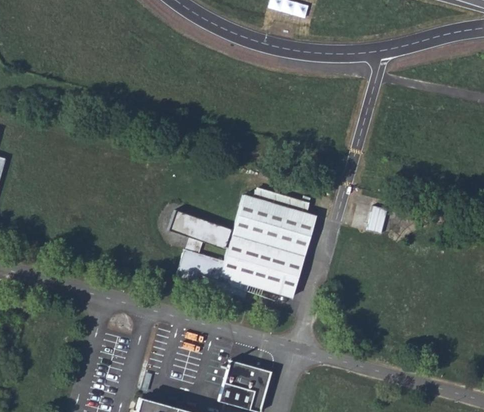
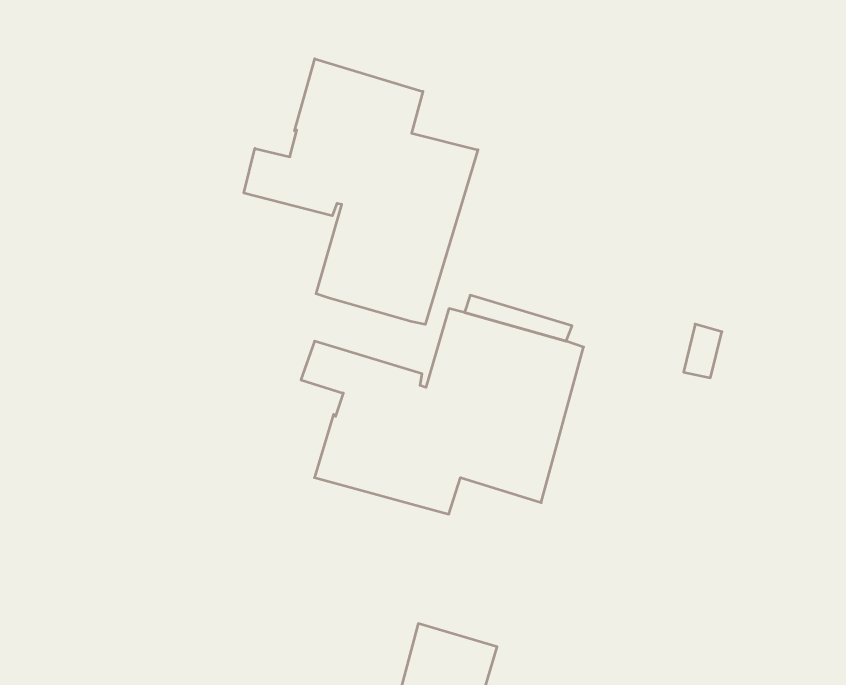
building: none -> [244,59,478,324]

